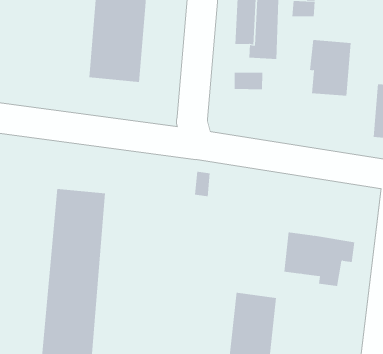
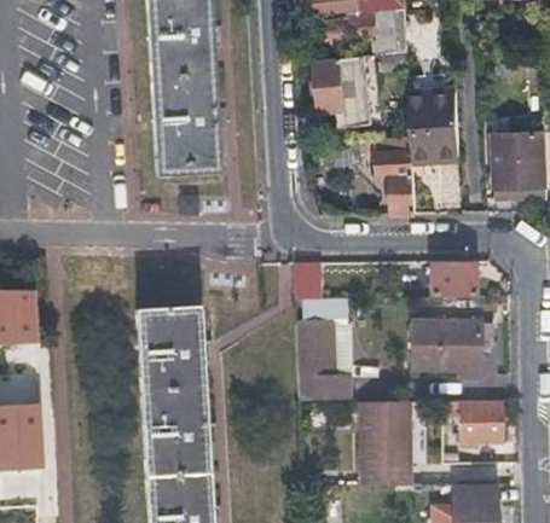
building: none -> [376,135,416,213]
building: none -> [429,266,474,296]
building: none -> [294,319,347,397]
building: none -> [417,399,503,442]

